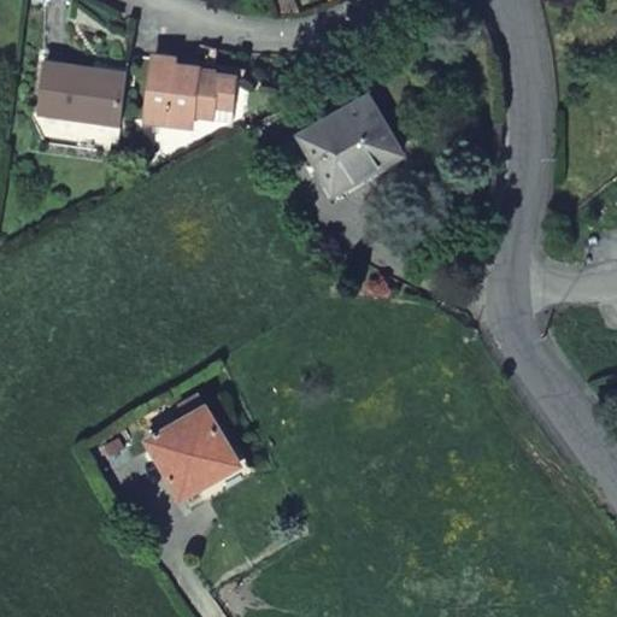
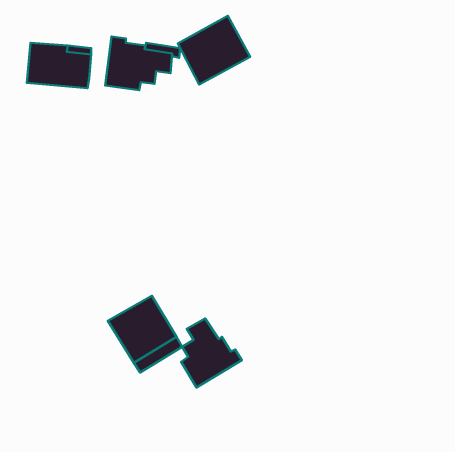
building: [295,102,393,195] -> [178,16,250,85]
building: none -> [181,319,242,387]

